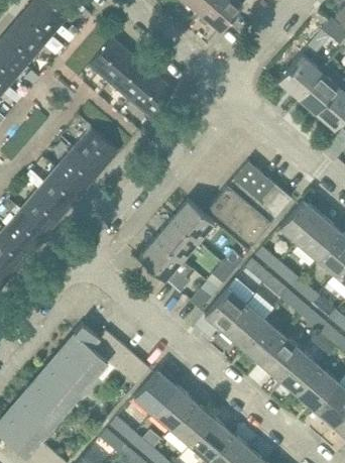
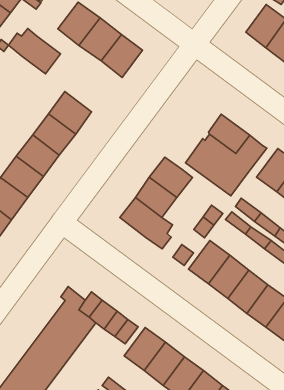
building: none -> [9,29,60,74]

